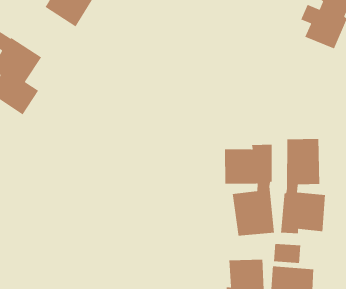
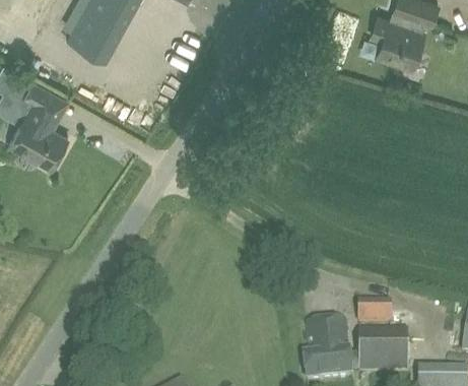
building: [280,138,326,234] -> none
building: [224,144,275,237] -> none

